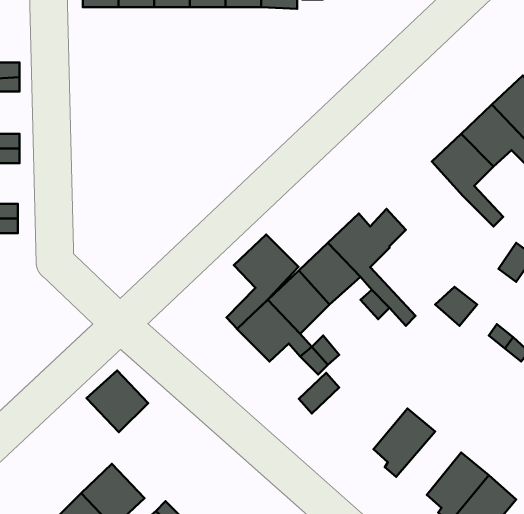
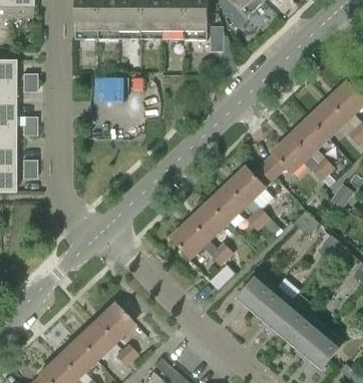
building: none -> [264,134,330,181]
building: [226,234,298,329] -> none
building: [86,371,148,432] -> [94,304,132,342]
building: none -> [236,272,277,312]
building: none -> [270,301,310,340]

